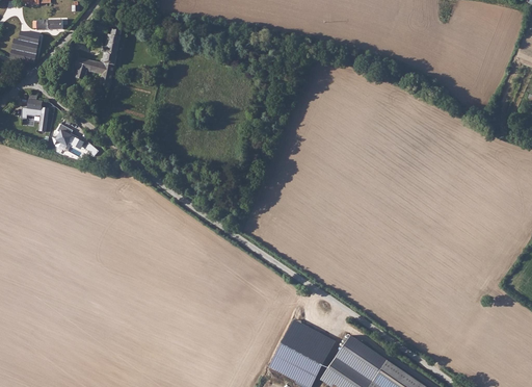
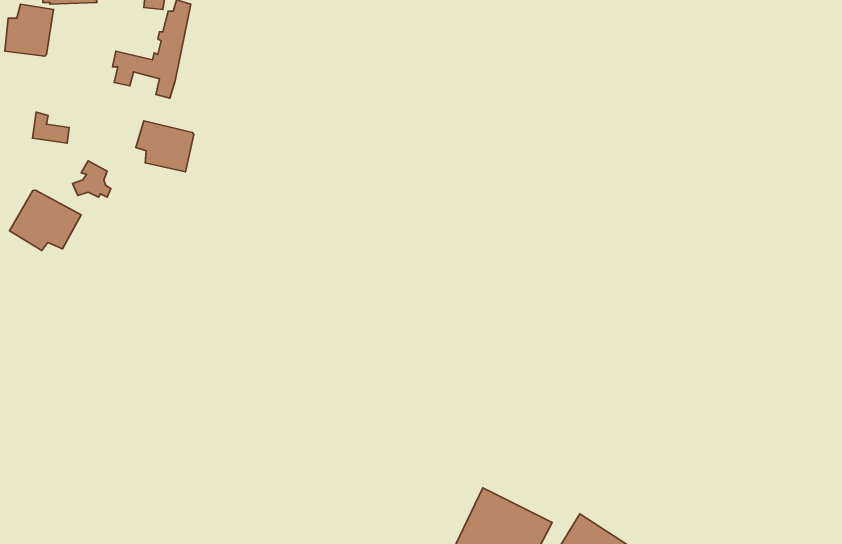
building: none -> [136,121,194,172]
building: none -> [10,190,81,251]

